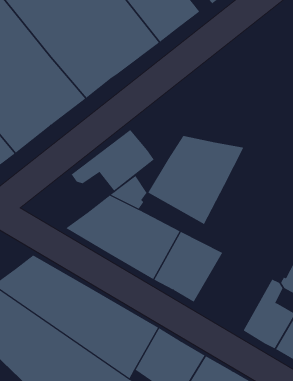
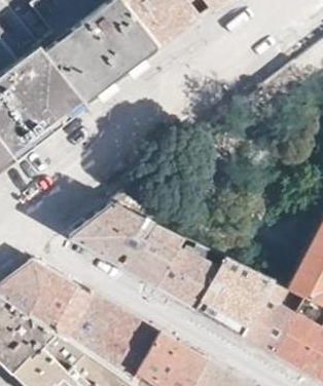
building: [71,129,155,192] -> none
building: [147,135,244,225] -> none
building: none -> [194,258,272,335]

